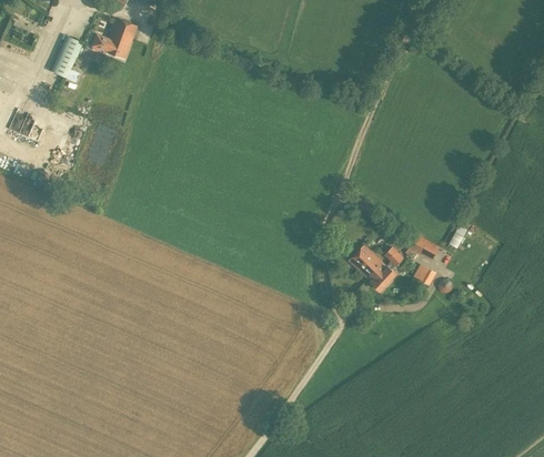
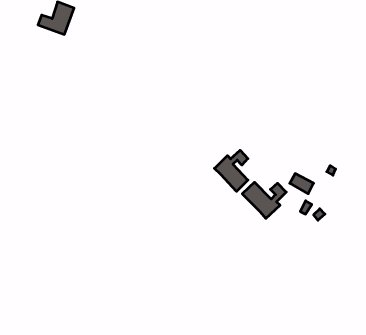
building: [50,34,82,77] -> none
building: none -> [214,150,248,191]

